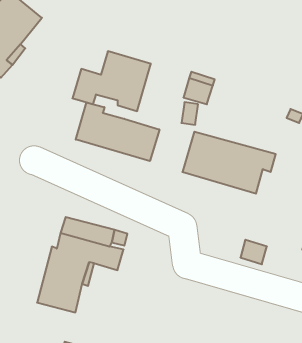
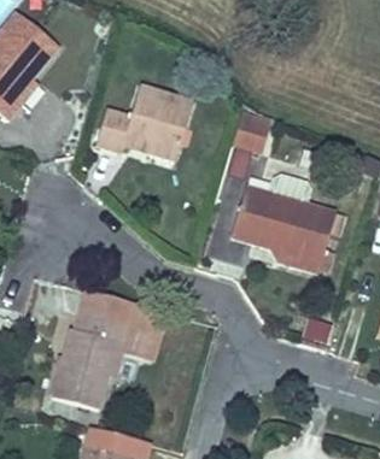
building: [76,103,159,161] -> none

